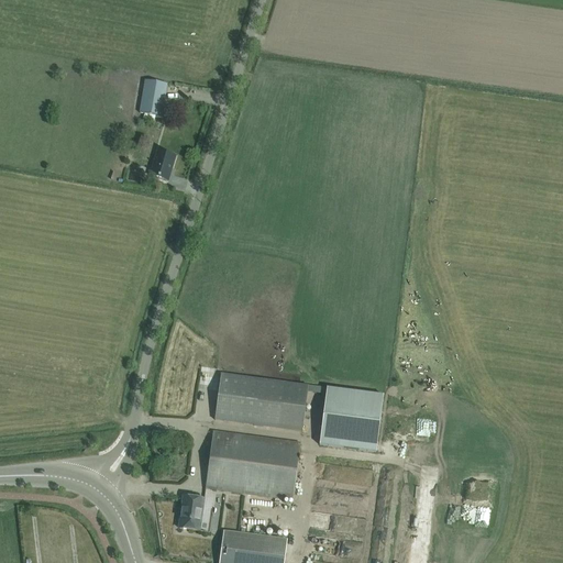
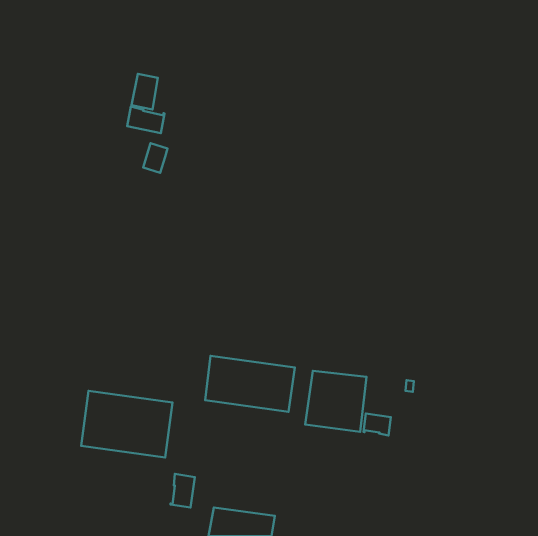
building: none -> [127,107,165,133]
building: [205,430,300,499] -> [81,391,173,457]
building: none -> [364,414,391,435]

